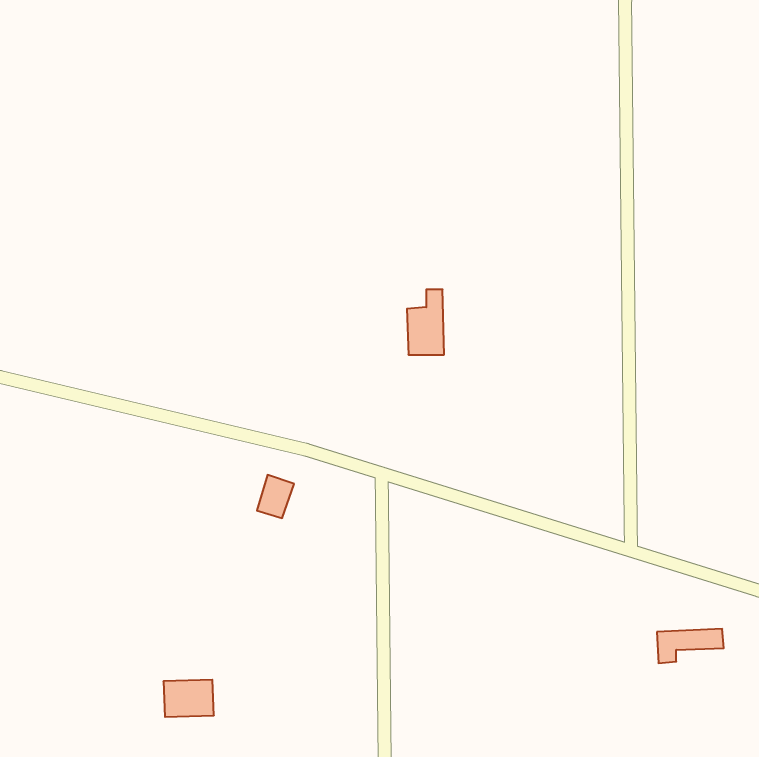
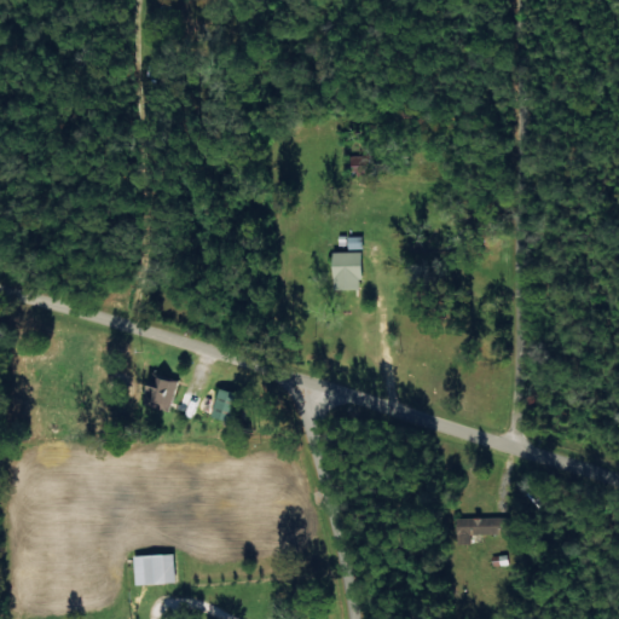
building: none -> [140,374,177,412]
building: [657,629,724,663] -> [455,517,509,545]

